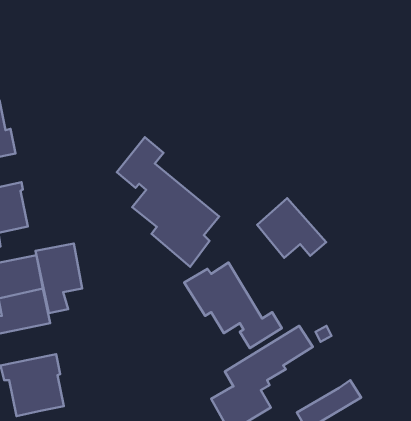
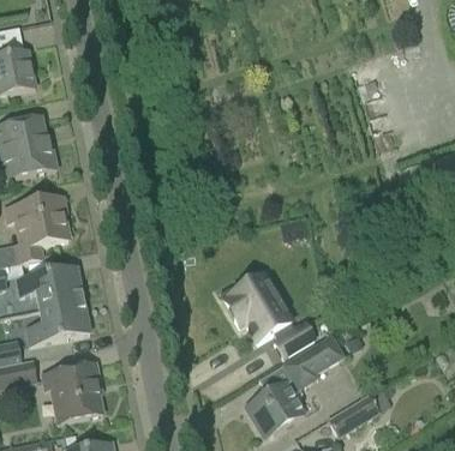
building: [117,137,219,267] -> none
building: [257,198,326,258] -> none
building: [36,243,82,313] -> none

